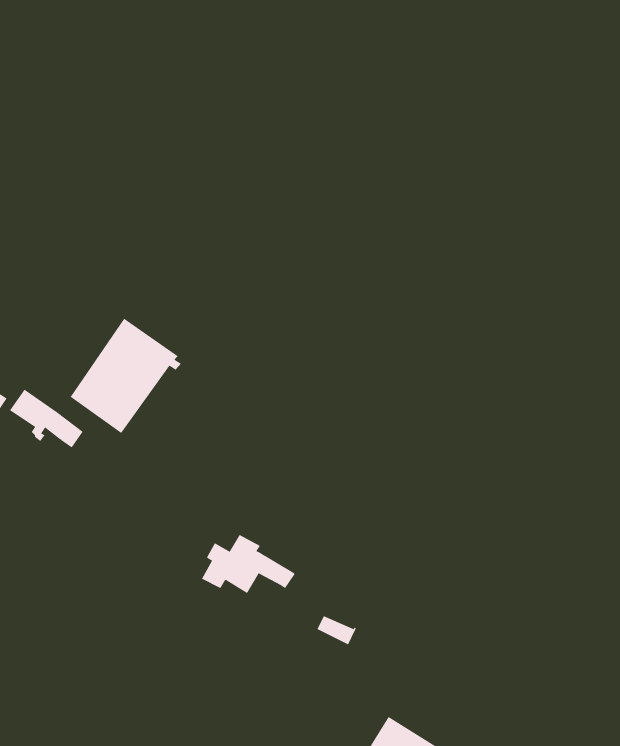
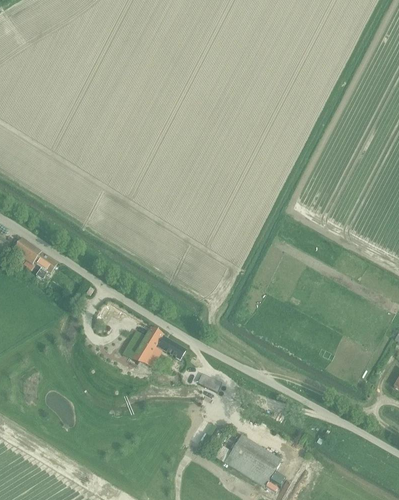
building: [70,318,182,434] -> none

